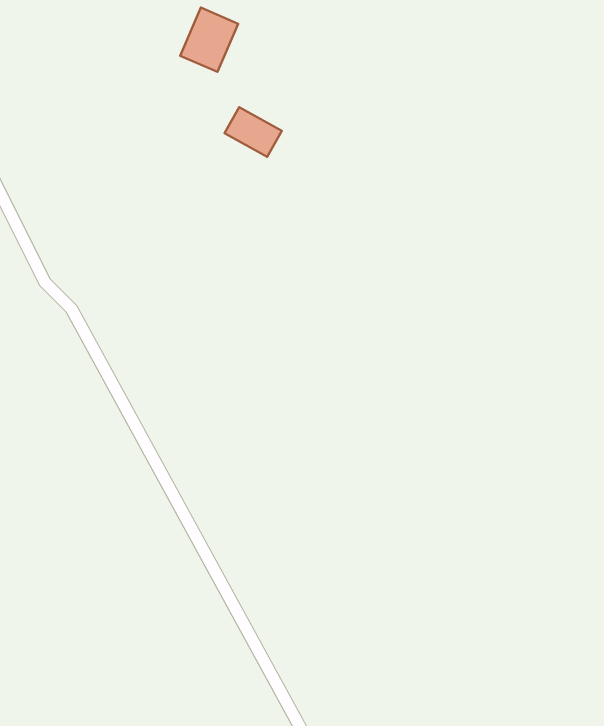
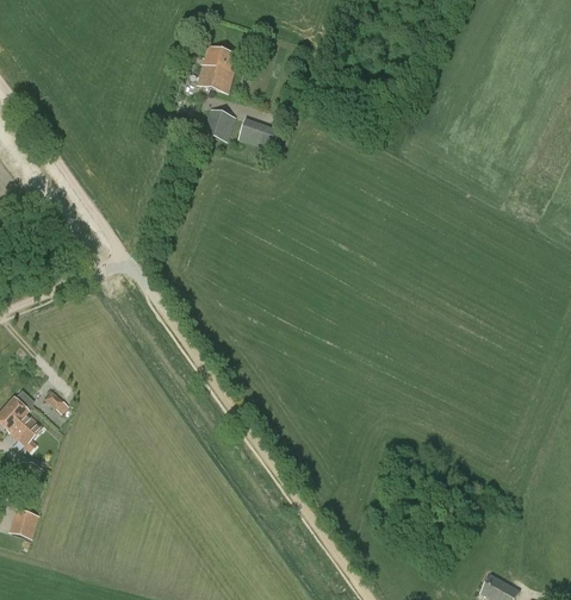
building: none -> [201,107,235,140]

